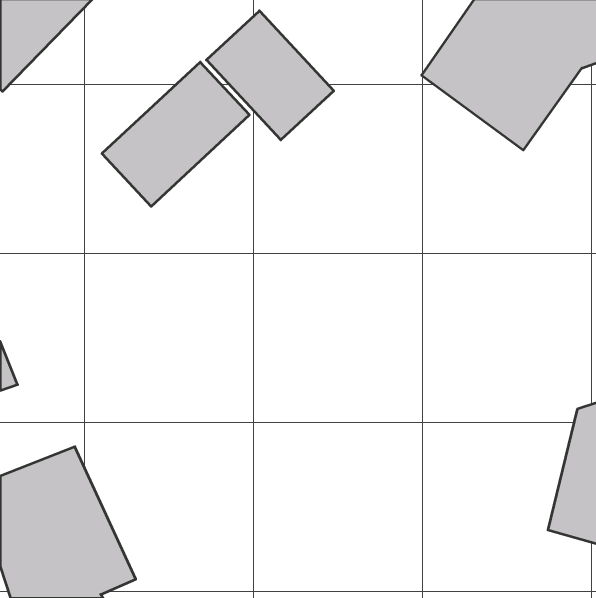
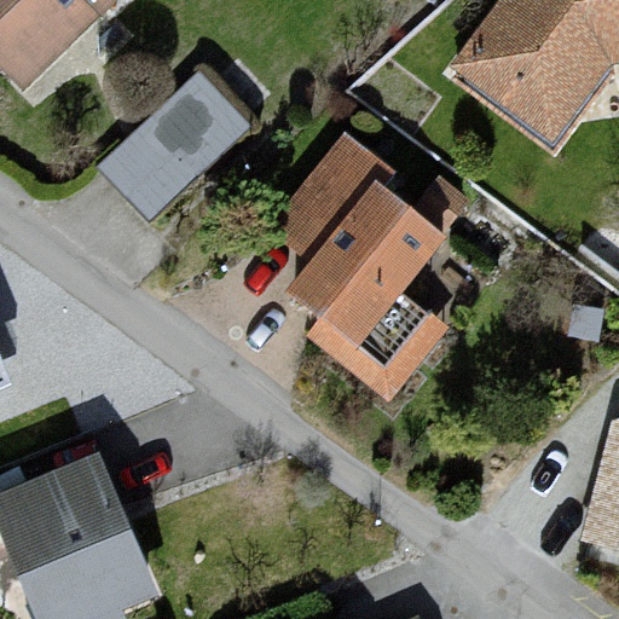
building: [206,11,334,140] -> none
building: none -> [279,140,470,394]

